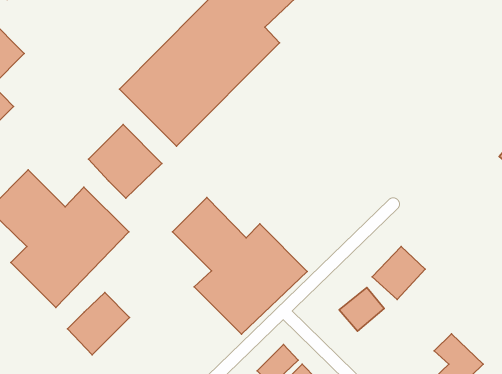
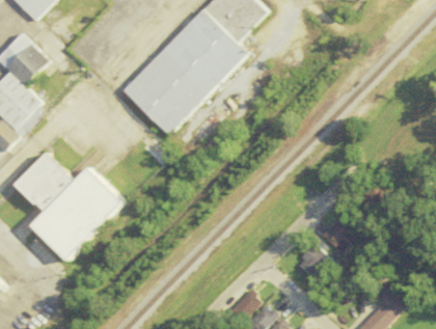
building: [88,124,162,198] -> none
building: [172,197,307,334] -> none
building: [67,292,130,355] -> none

